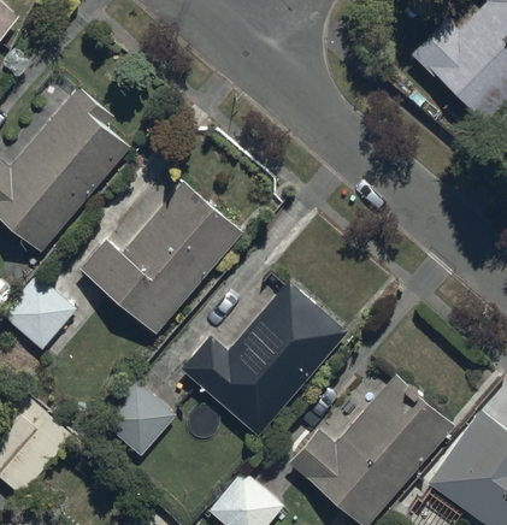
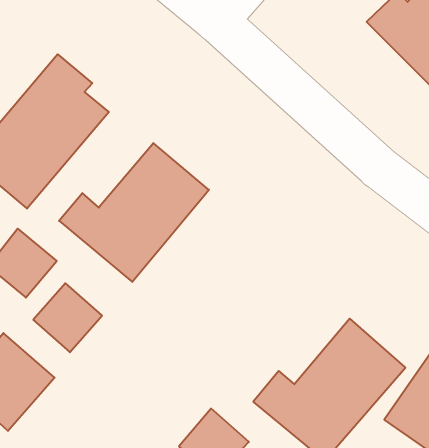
building: [184,283,347,436] -> none
building: [99,381,173,455] -> [33,283,102,352]

